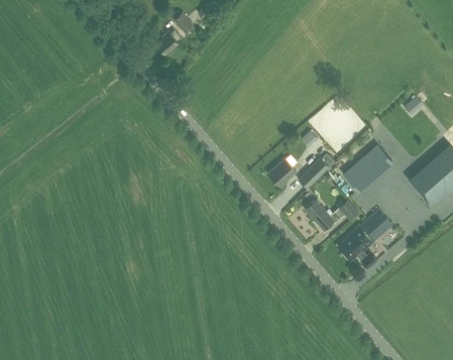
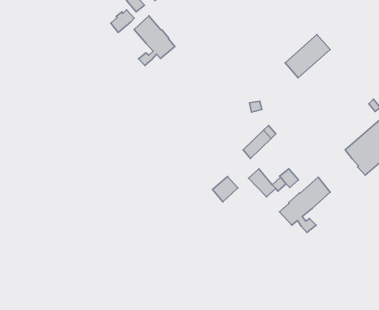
building: none -> [134,16,175,65]
building: [343,145,391,192] -> [285,34,330,78]
building: [268,160,296,188] -> [212,176,238,202]

